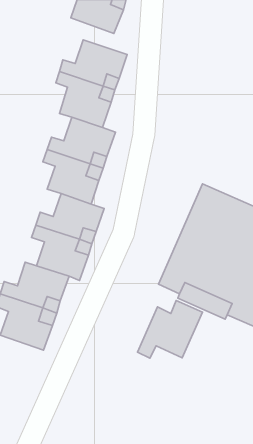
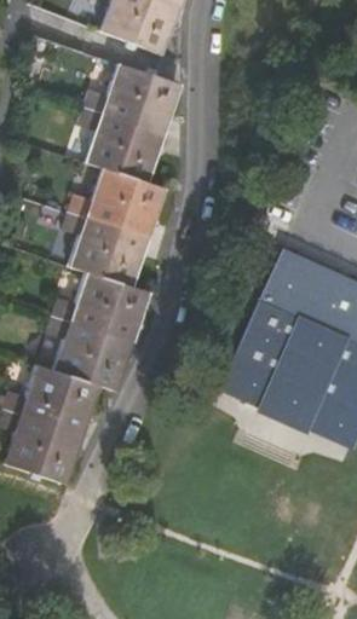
building: [138,300,202,358] -> none

